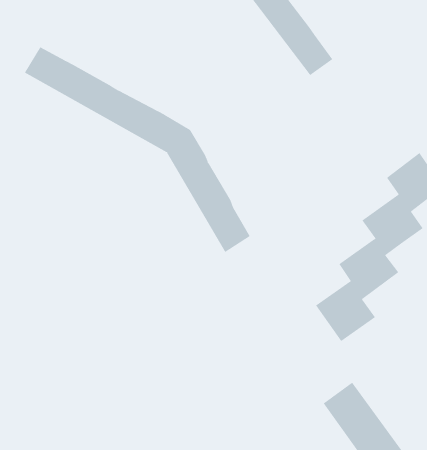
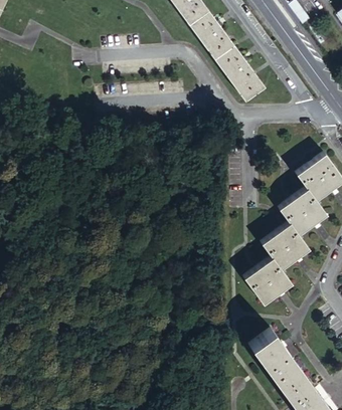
building: [24,47,250,253] -> none

